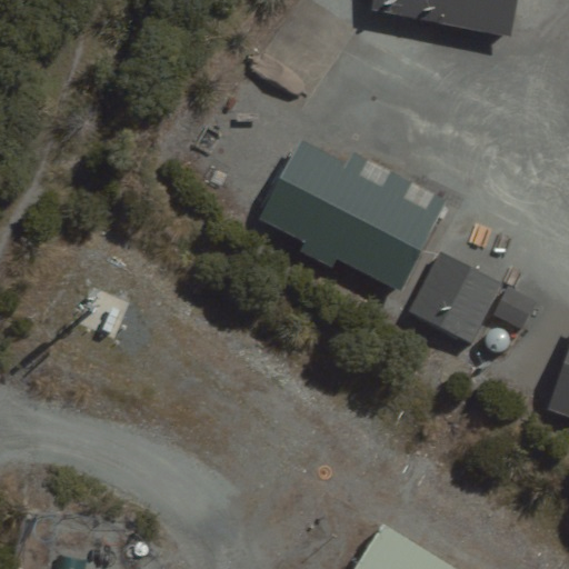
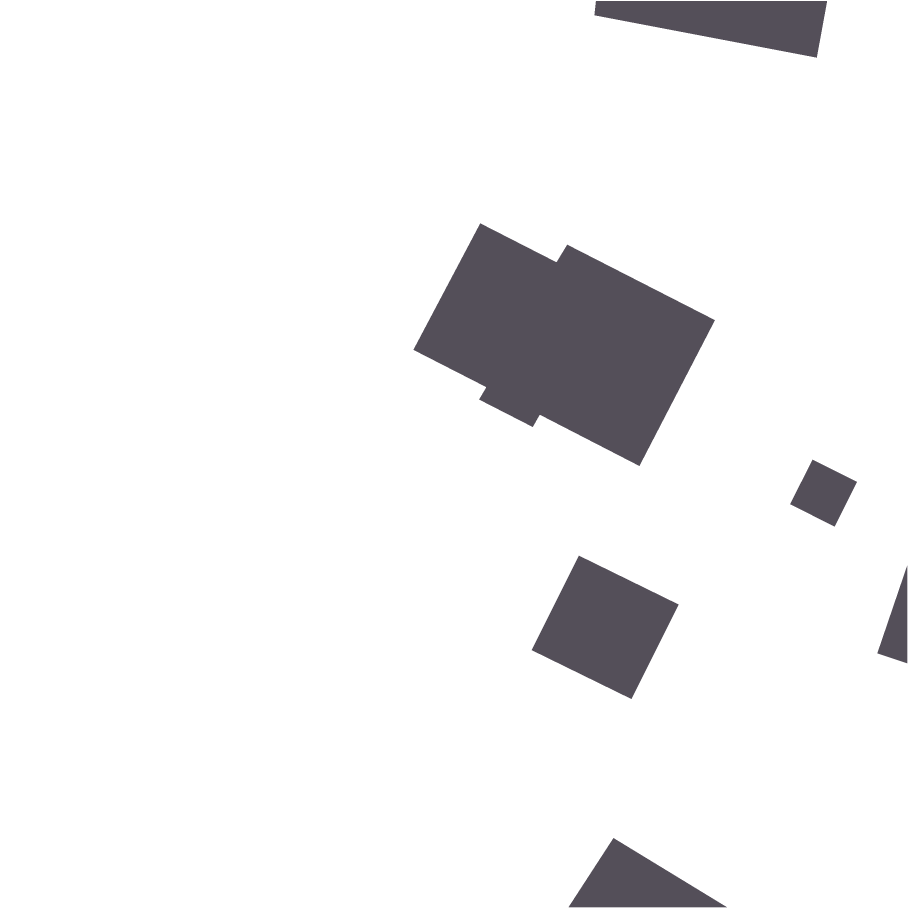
building: [409,252,502,343] -> [530,554,680,700]

